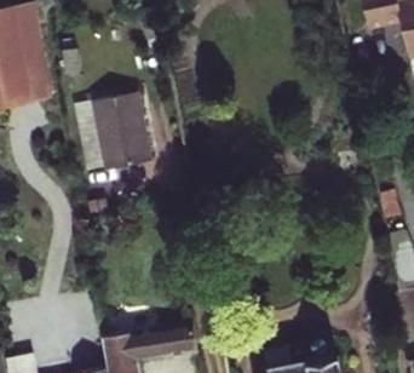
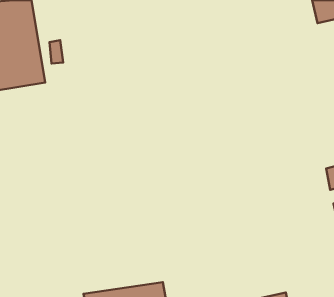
building: [91,93,151,171] -> none

